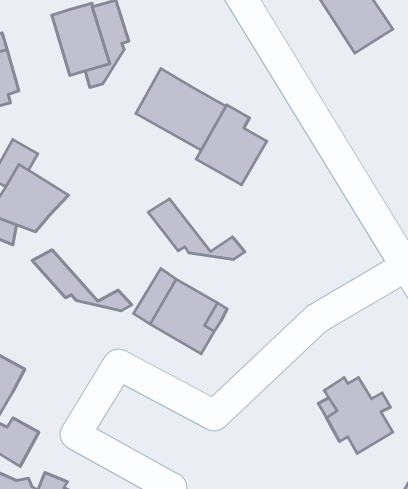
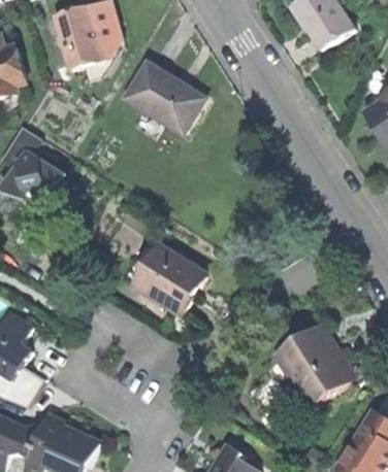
building: [196,105,267,185] -> none
building: [148,199,245,260] -> none
building: [32,250,132,311] -> none

